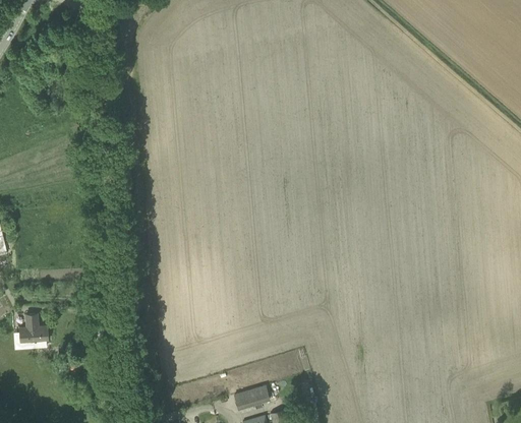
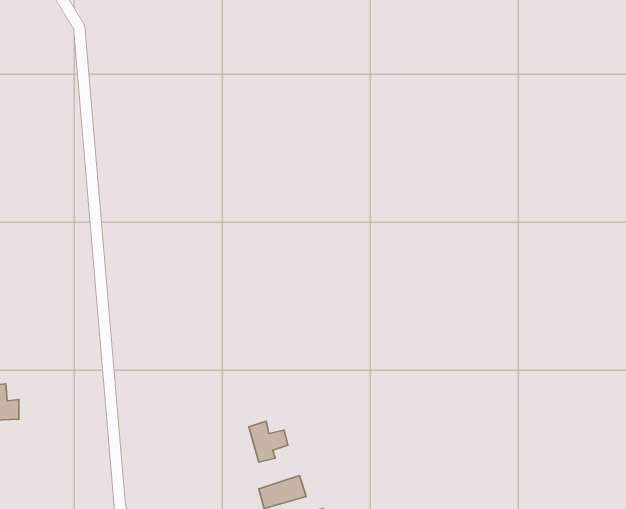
building: none -> [249,421,288,462]

